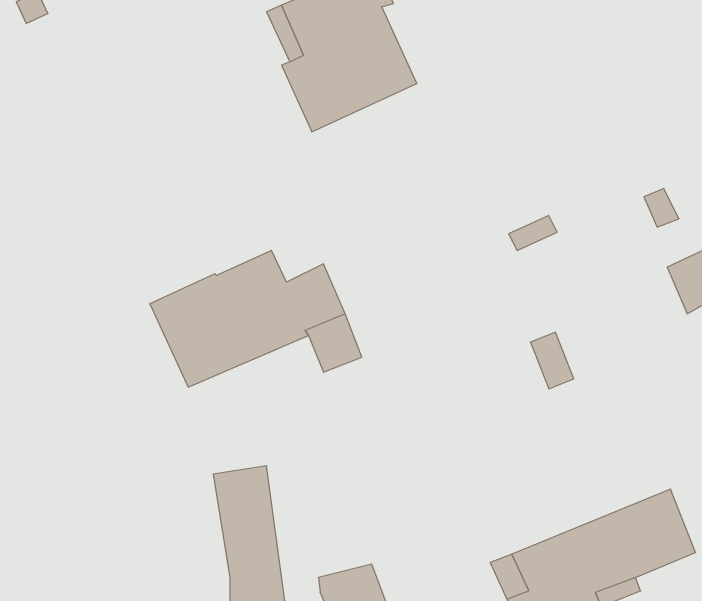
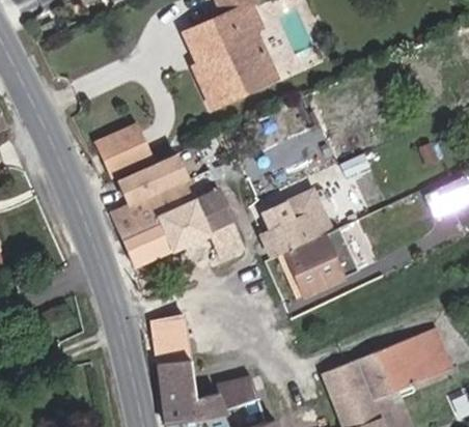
building: none -> [95,124,153,176]
building: none -> [117,153,187,202]
building: none -> [260,190,331,256]
building: none -> [281,236,343,295]

